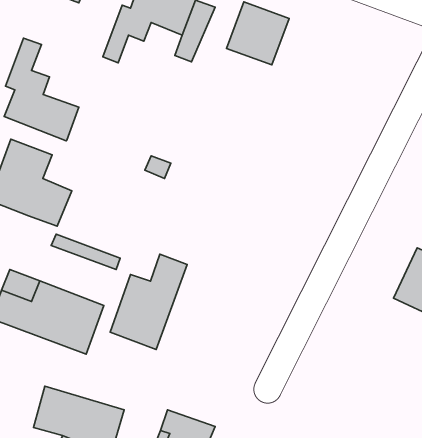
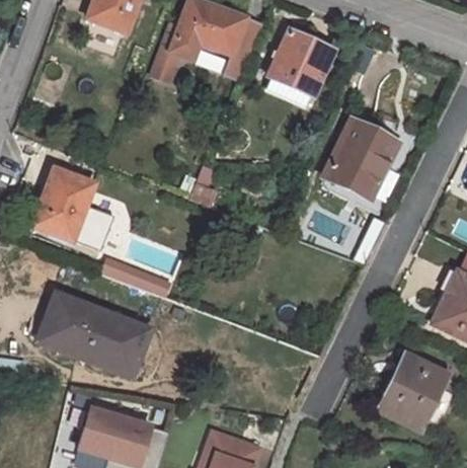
building: [4,38,79,141] -> none
building: none -> [325,120,396,196]
building: [110,254,187,349] -> none
building: none -> [379,353,447,430]

